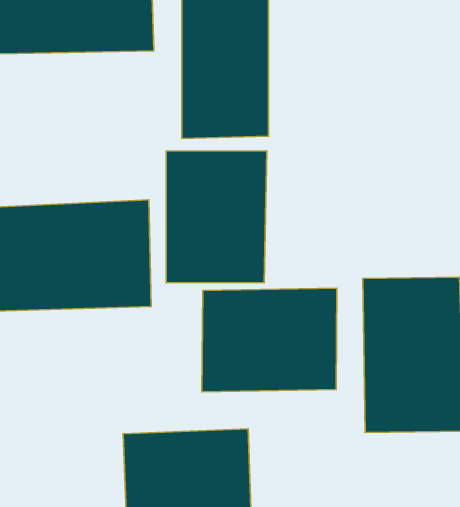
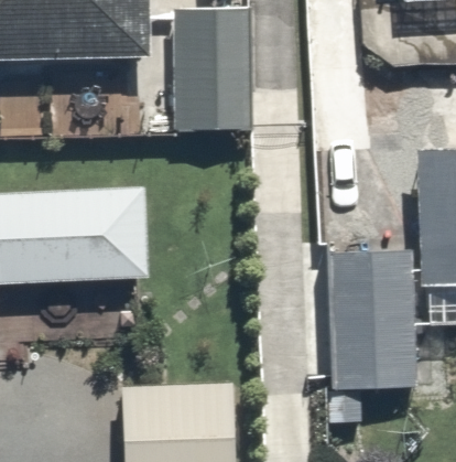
building: [166,151,267,283] -> none
building: [202,288,337,392] -> none

